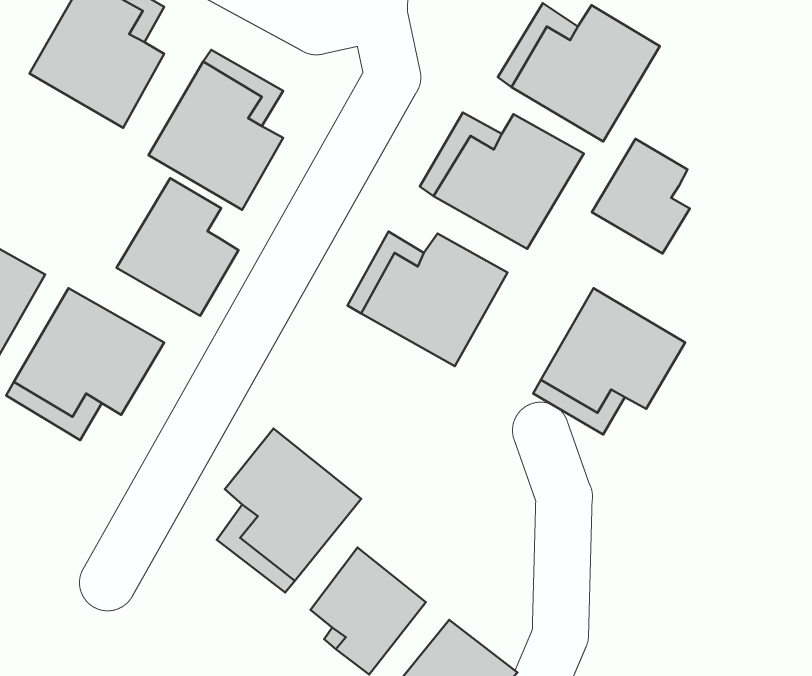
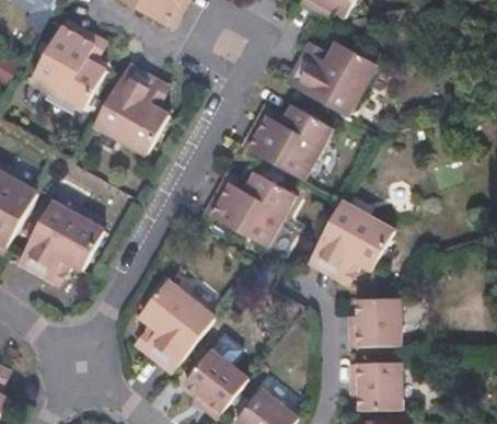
building: [592,139,690,254] -> none
building: [117,178,238,316] -> none
building: none -> [349,296,403,344]
building: none -> [350,360,405,410]

